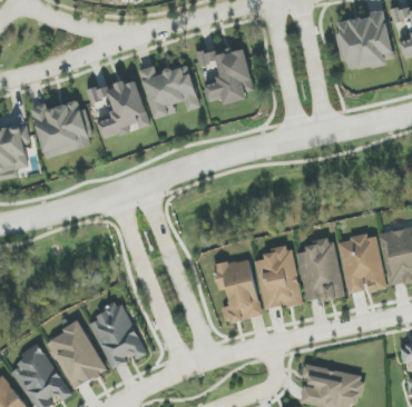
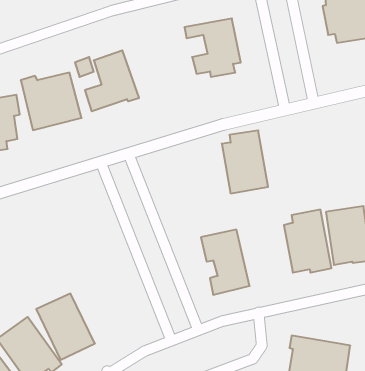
building: [139,63,199,118] -> none
building: [255,246,302,309] -> [222,130,268,193]
building: [88,302,145,368] -> none

